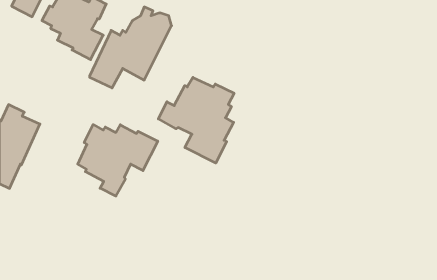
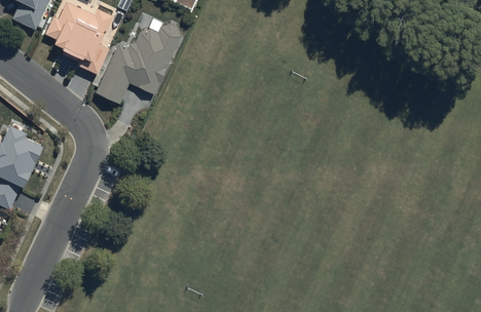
building: [158,77,234,163] -> none
building: [78,125,158,196] -> none

